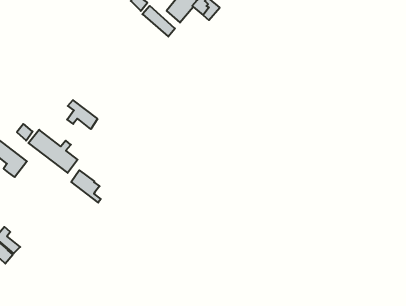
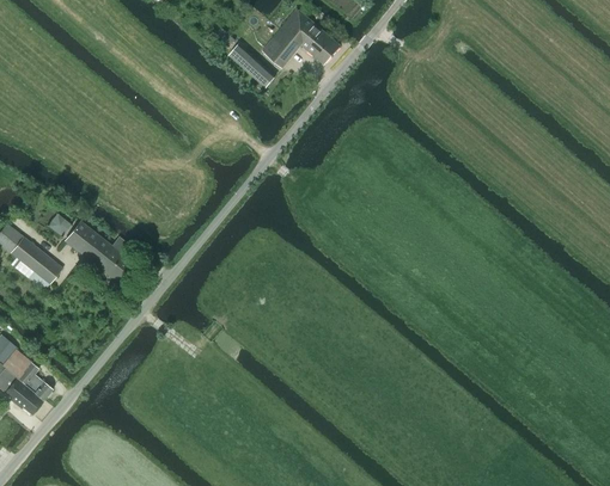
building: [67,100,97,129] -> none
building: [71,170,101,203] -> none

